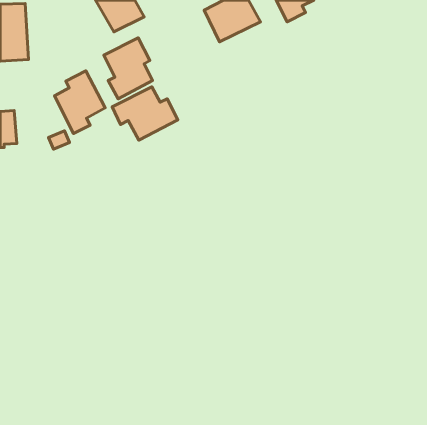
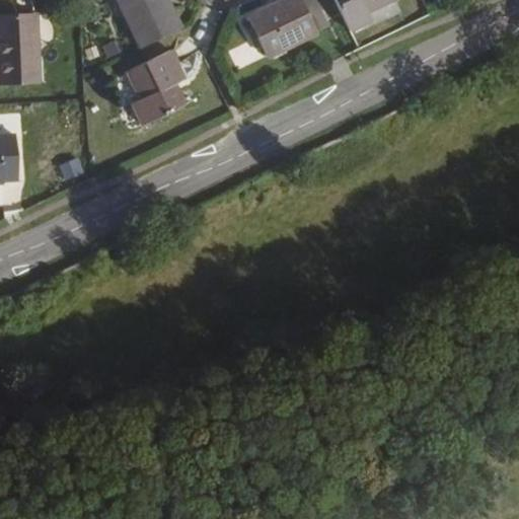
building: [54,71,105,133] -> none
building: [112,87,178,140] -> none

